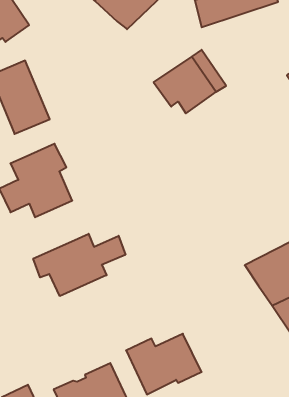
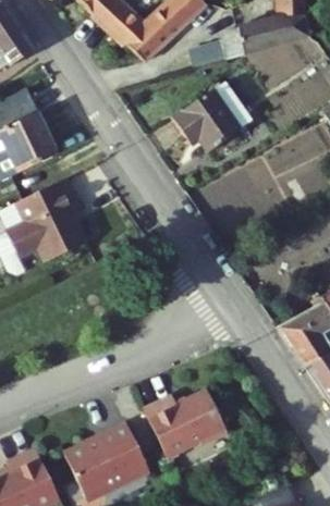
building: [33,234,125,296] -> none

